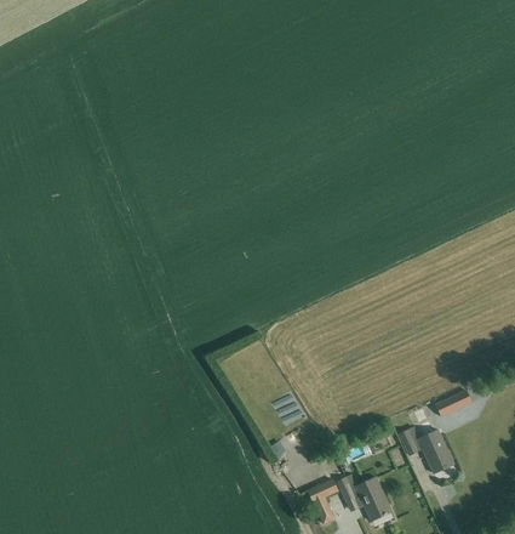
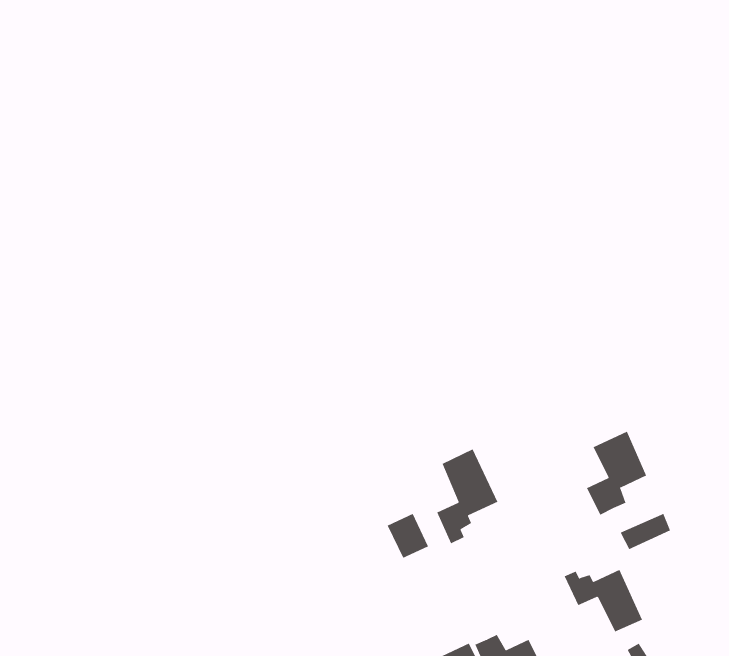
building: none -> [586,431,647,515]
building: none -> [437,449,498,544]

